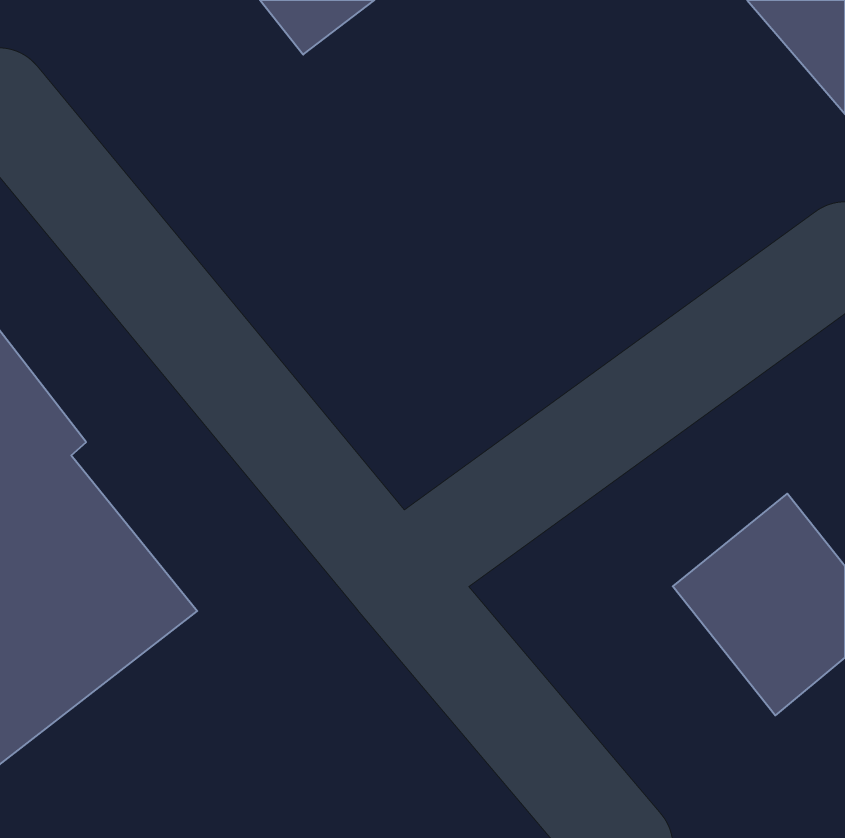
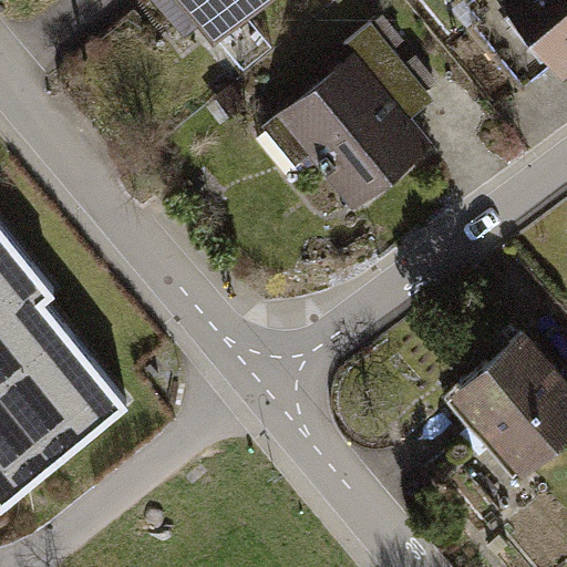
building: none -> [265,28,426,212]

